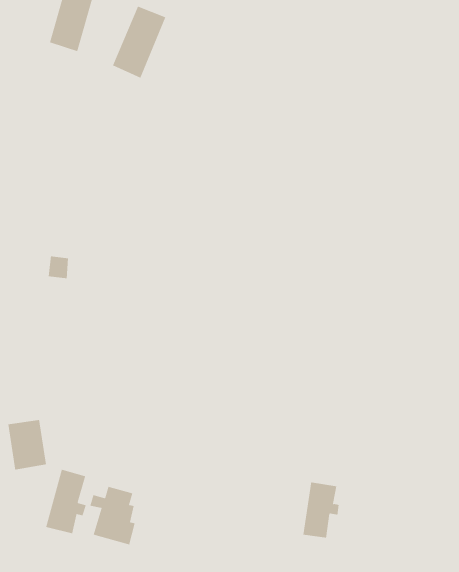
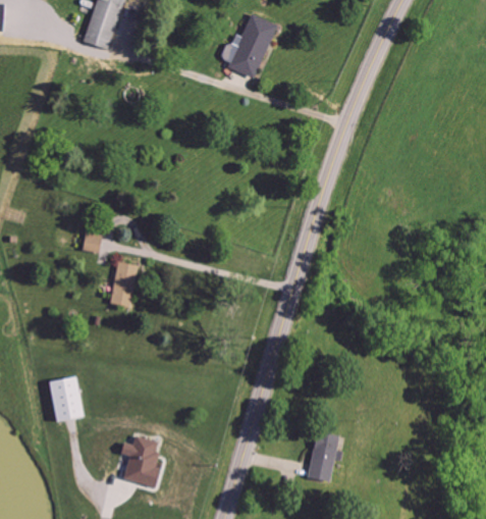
building: [112,6,166,78] -> [228,14,276,79]
building: none -> [112,262,137,305]
building: [45,469,86,534] -> none

